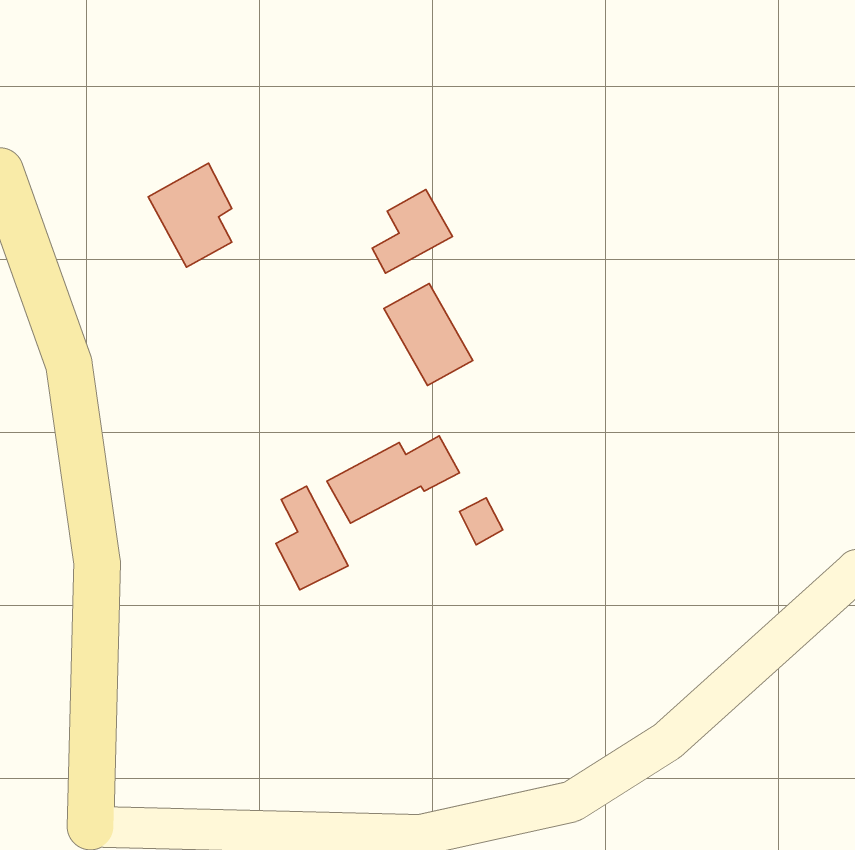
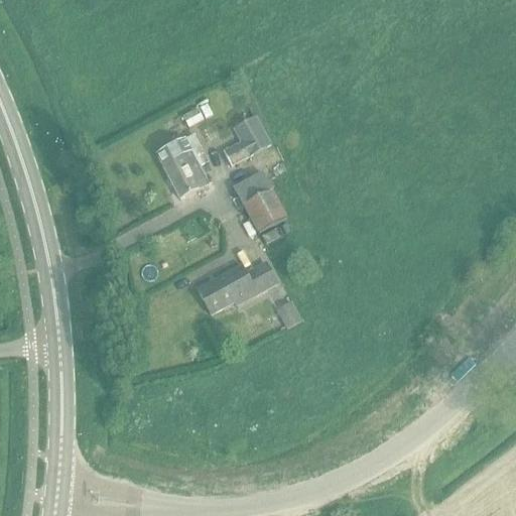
building: [148,163,232,267] -> [156,133,207,196]
building: [276,486,348,590] -> none

